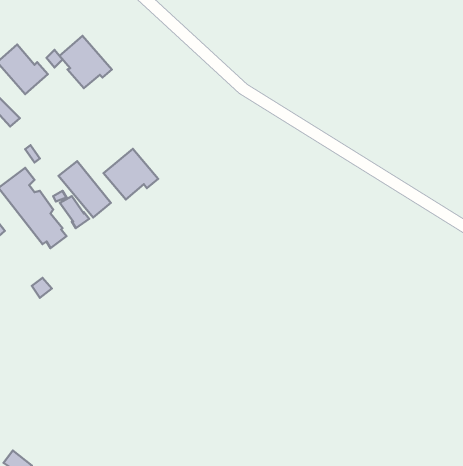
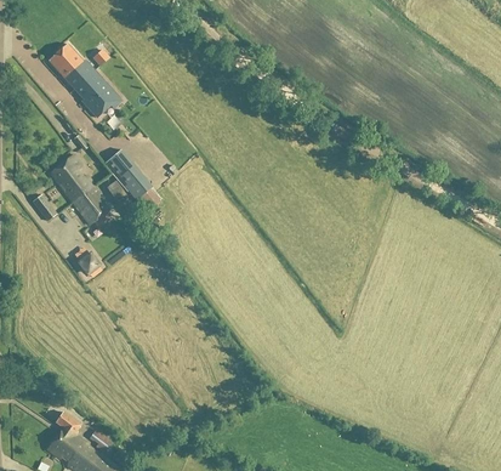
building: [60,36,112,88] -> [73,69,120,117]
building: [104,149,158,200] -> none

